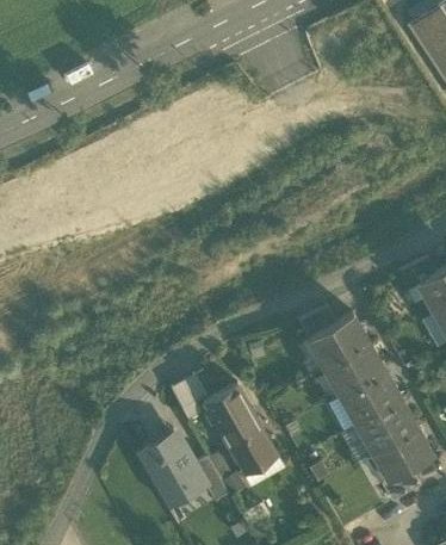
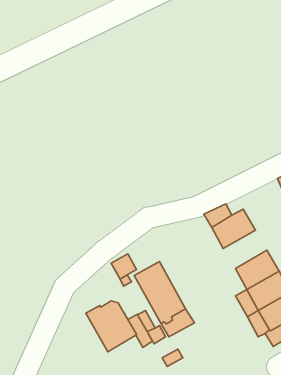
building: [326,341,385,394] -> none

